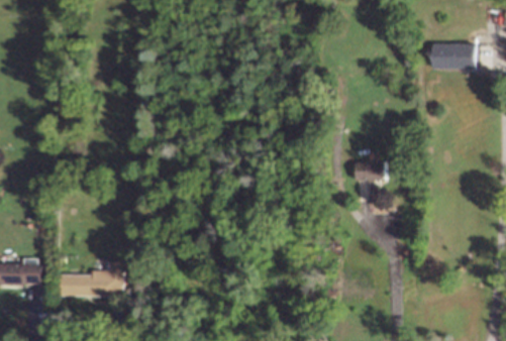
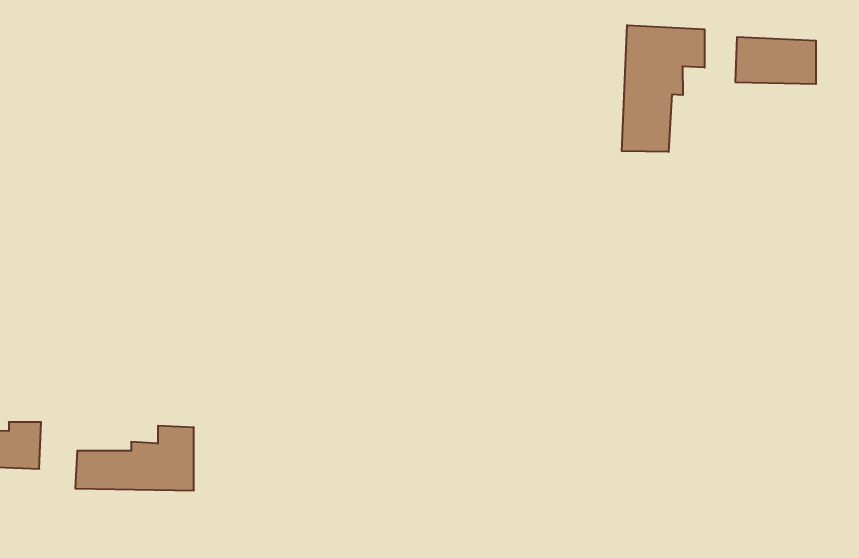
building: none -> [622,25,705,152]
building: [355,162,385,182] -> none

